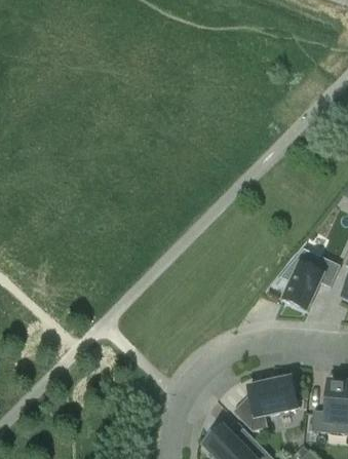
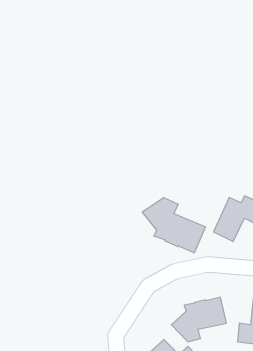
building: none -> [142,197,205,253]

